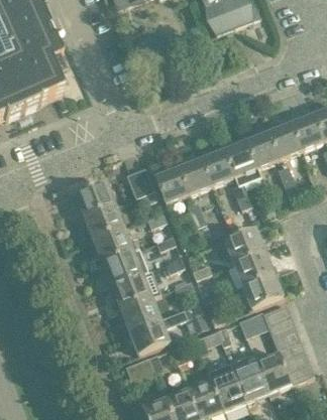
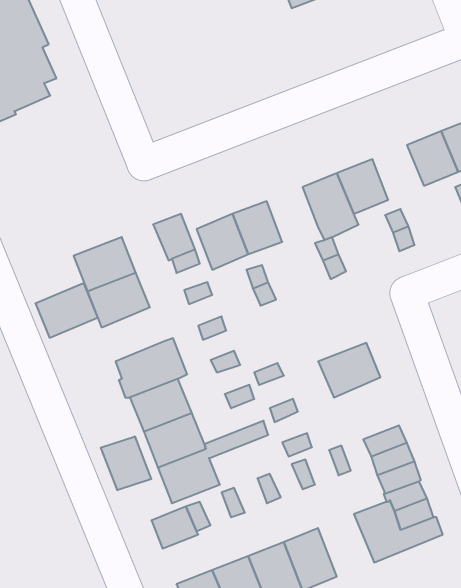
building: [267,123,301,158] -> none
building: [199,150,232,185] -> none
building: [92,228,132,263] -> [35,283,98,338]
building: [223,228,263,263] -> none
building: [242,273,283,309] -> none
building: none -> [101,436,151,490]
building: [232,362,268,402] -> none

